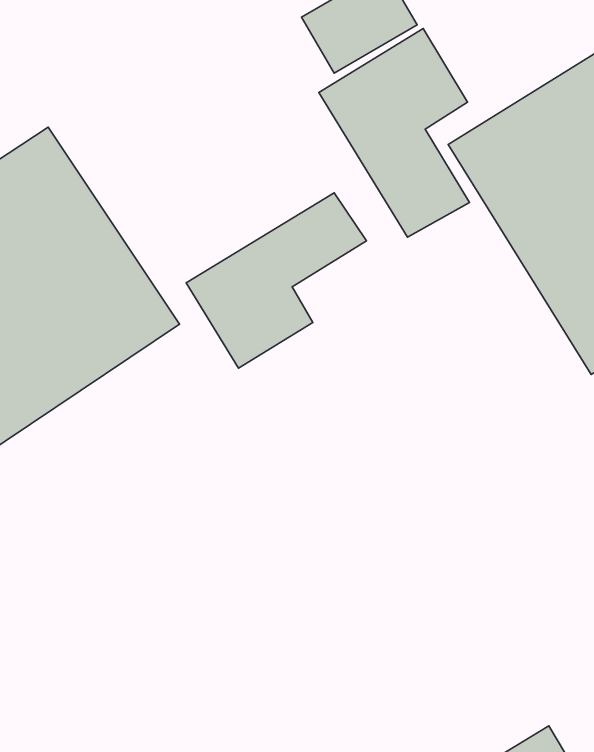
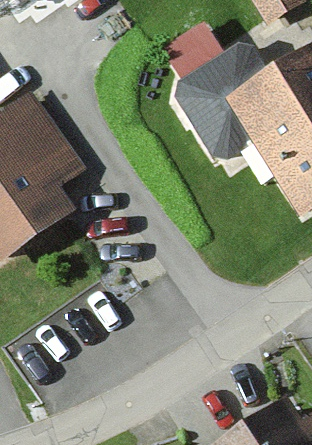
building: [186,193,367,368] -> none

